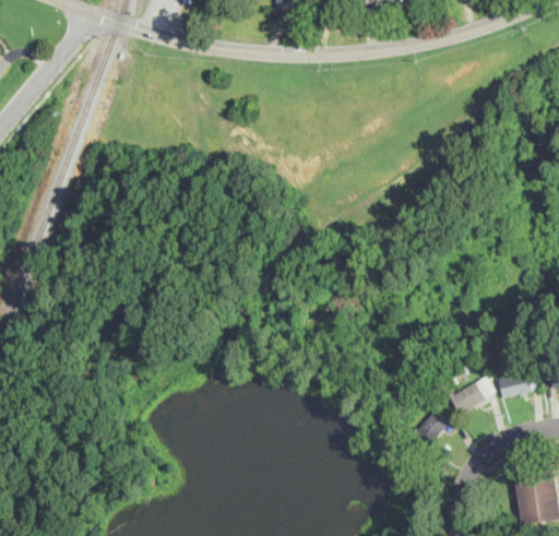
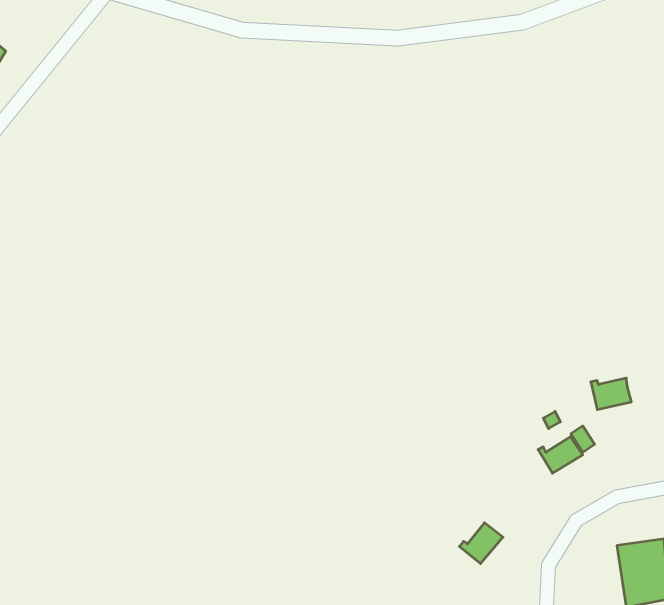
building: [498,372,532,398] -> [591,378,631,410]
building: [413,412,449,445] -> [459,523,503,564]

